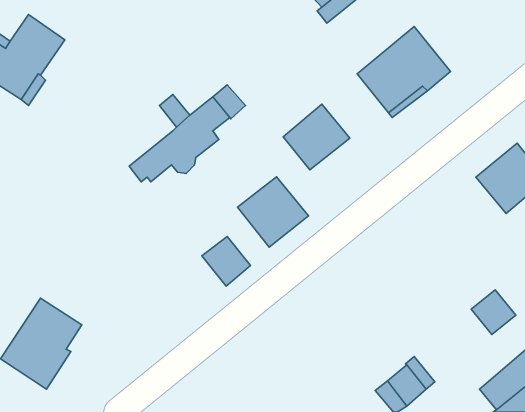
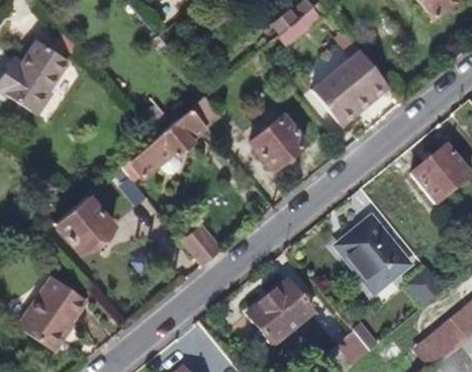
building: [237,177,308,247] -> none
building: none -> [56,193,114,253]
building: none -> [338,218,408,291]
building: none -> [247,281,312,346]

